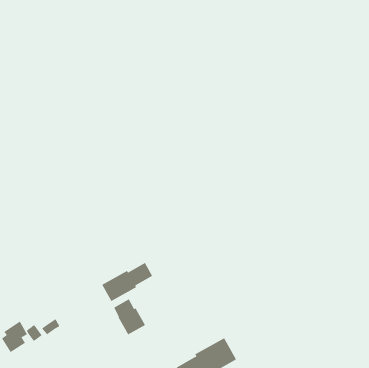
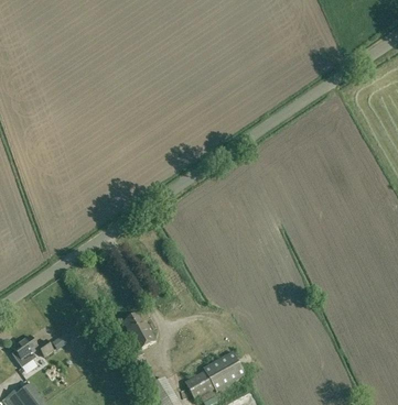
building: [101,262,153,302] -> none

